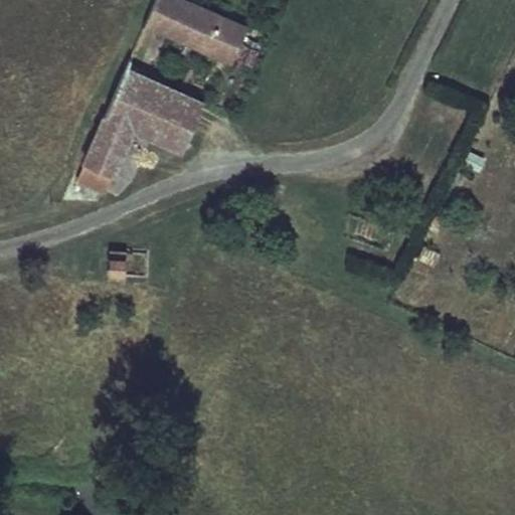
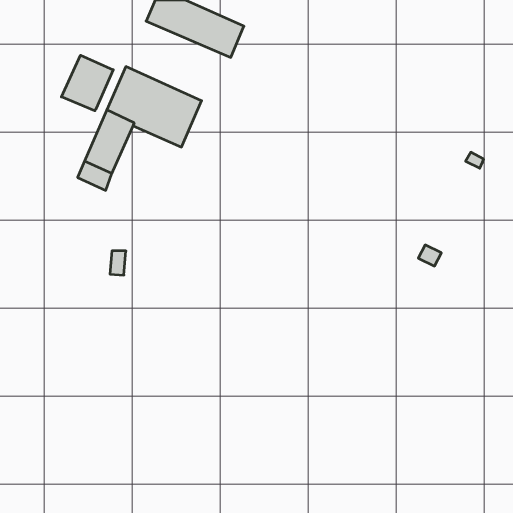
building: none -> [61,55,113,111]

